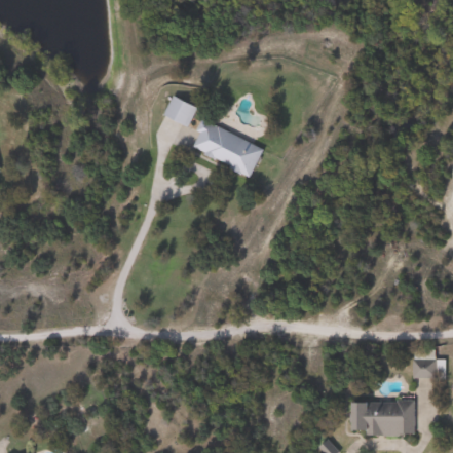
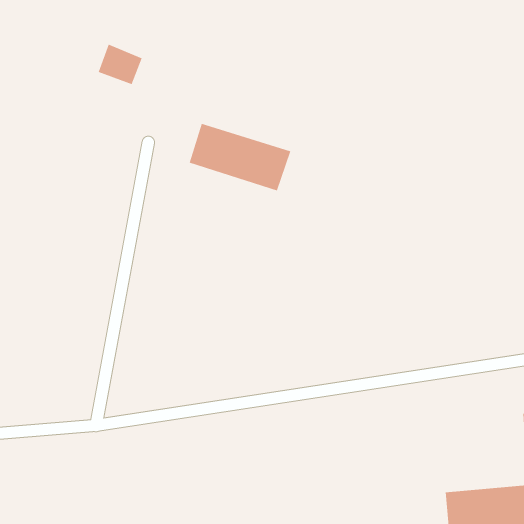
building: [163,95,196,125] -> [98,44,143,85]

